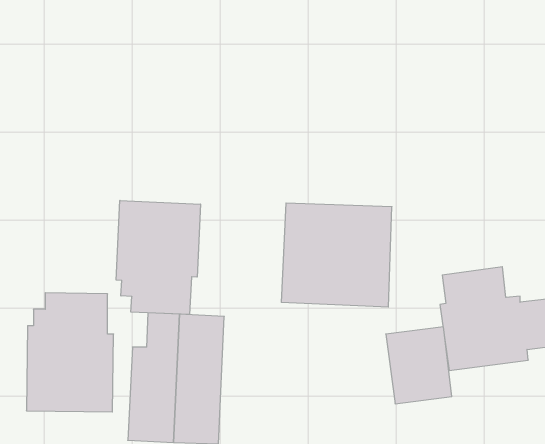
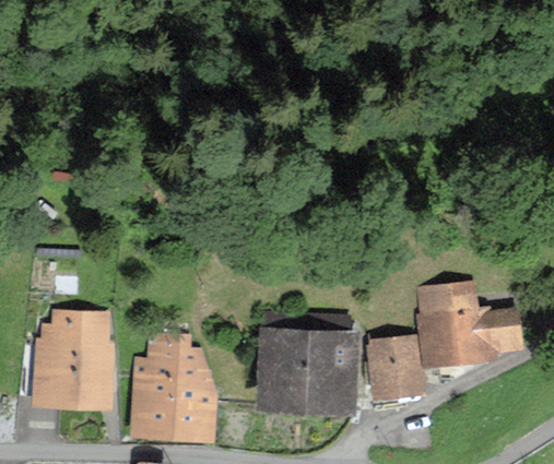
building: [116,200,200,314] -> none
building: [281,203,392,307] -> [258,329,361,425]

